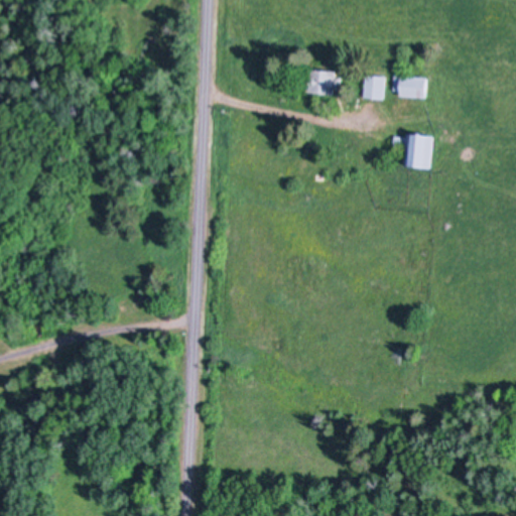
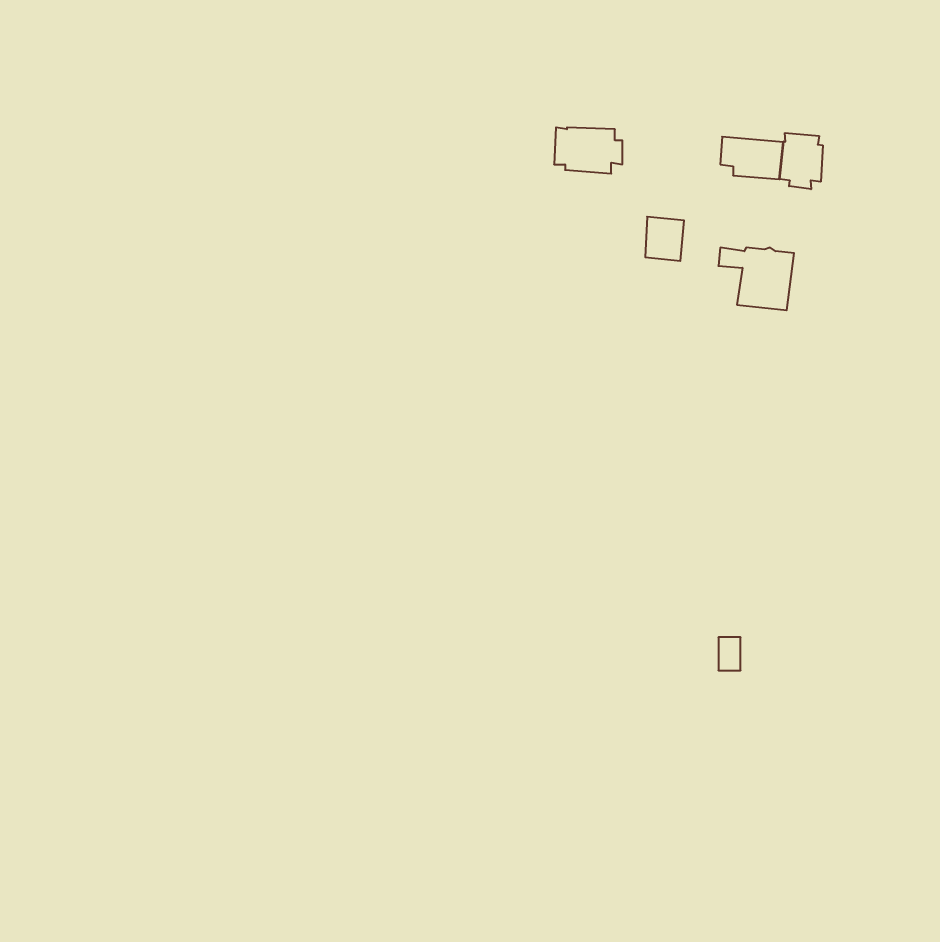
building: none -> [780,133,823,189]
building: [364,76,385,100] -> [645,217,684,261]

